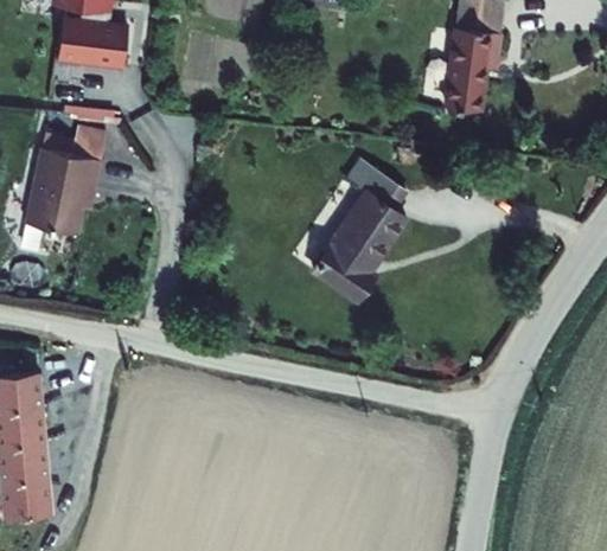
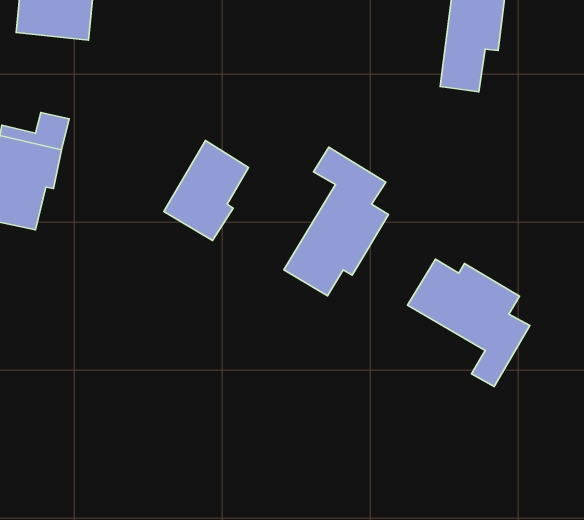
building: none -> [164,141,249,240]
building: none -> [408,259,530,386]

